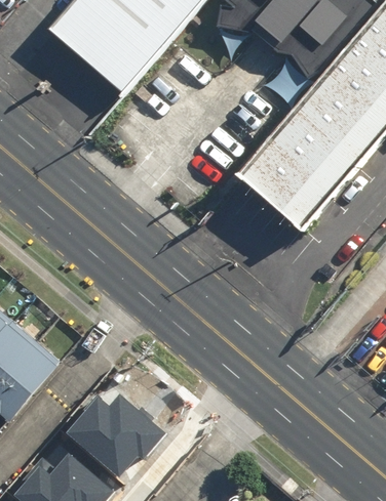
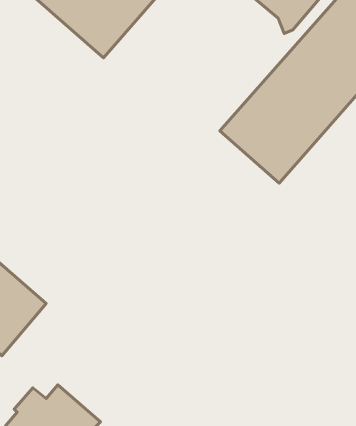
building: [64,389,164,471] -> none

